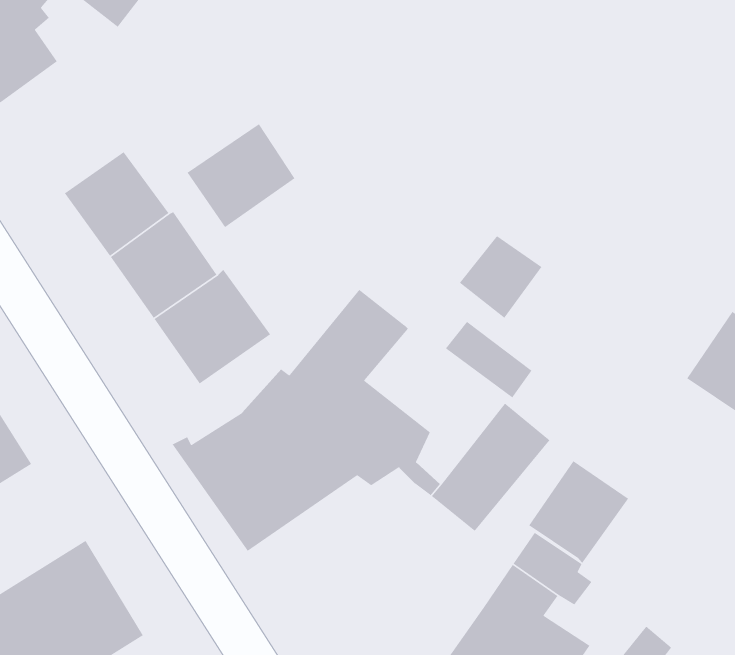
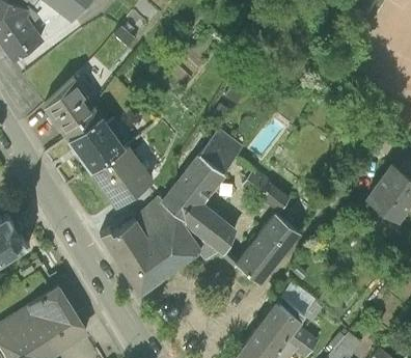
building: [187,123,295,228] -> none
building: [459,235,543,319] -> [199,132,243,175]
building: [528,460,629,564] -> none

